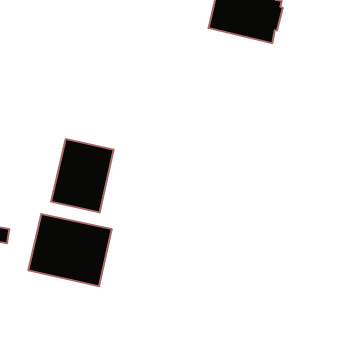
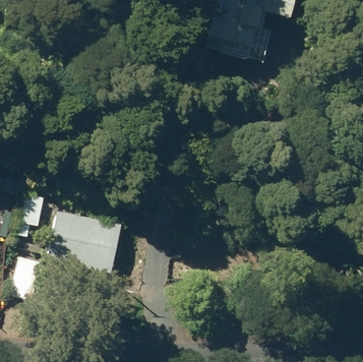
building: [51,139,114,213] -> none

